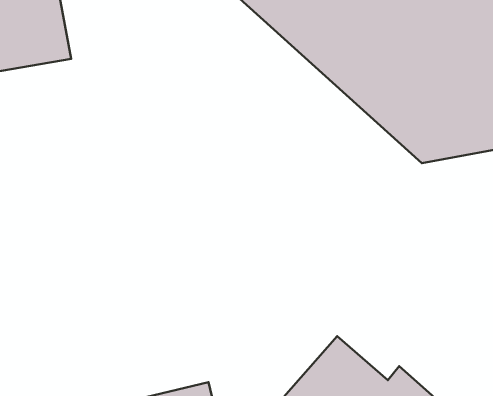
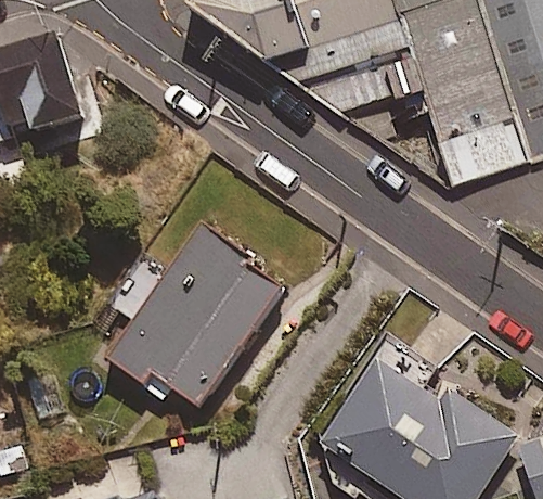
building: none -> [109,229,286,407]

